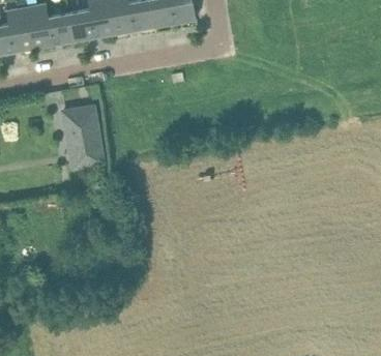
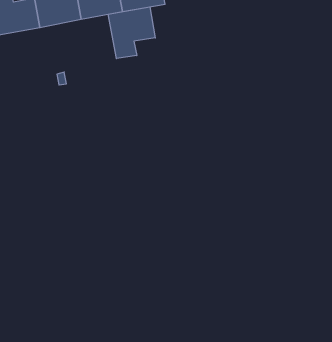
building: none -> [108,7,155,59]
building: [62,108,102,169] -> none

